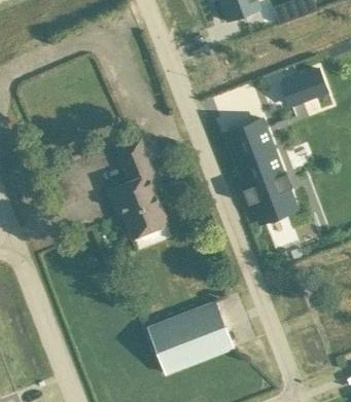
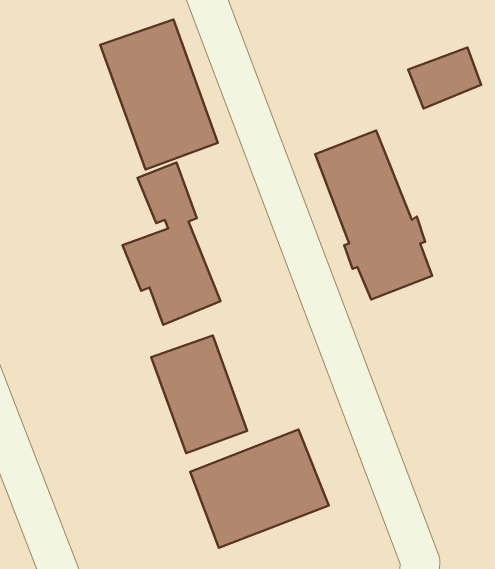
building: none -> [100,20,218,170]
building: none -> [151,336,247,453]

